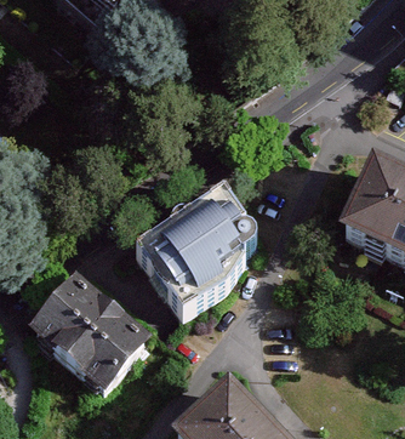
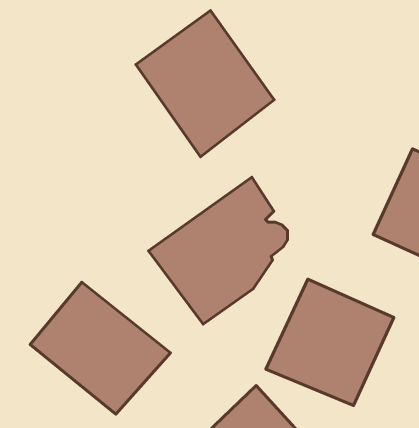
building: none -> [136,10,274,157]
building: none -> [266,279,394,406]

